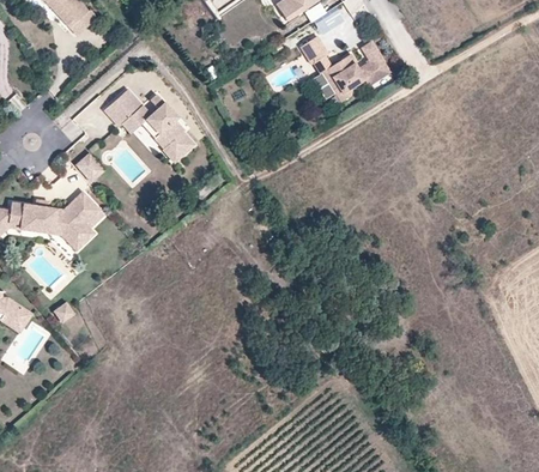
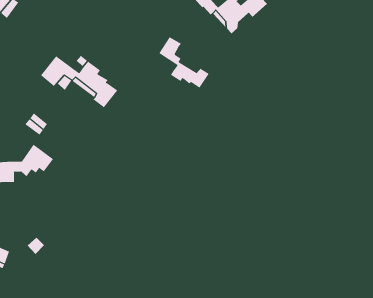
building: none -> [159,37,209,89]
building: [52,220,93,249] -> none

